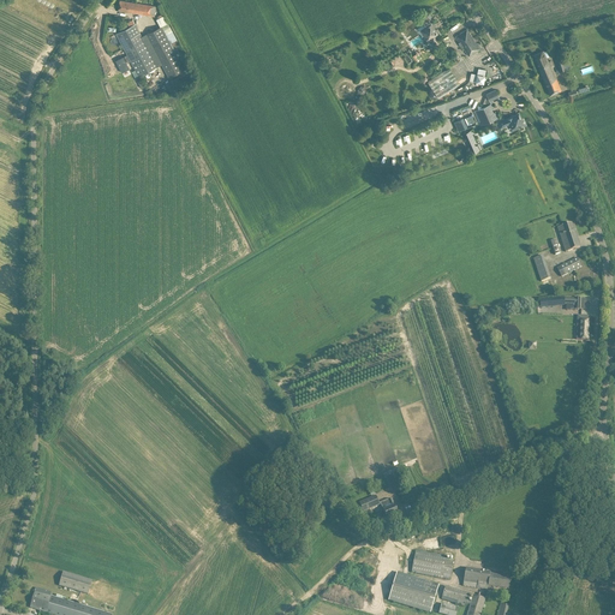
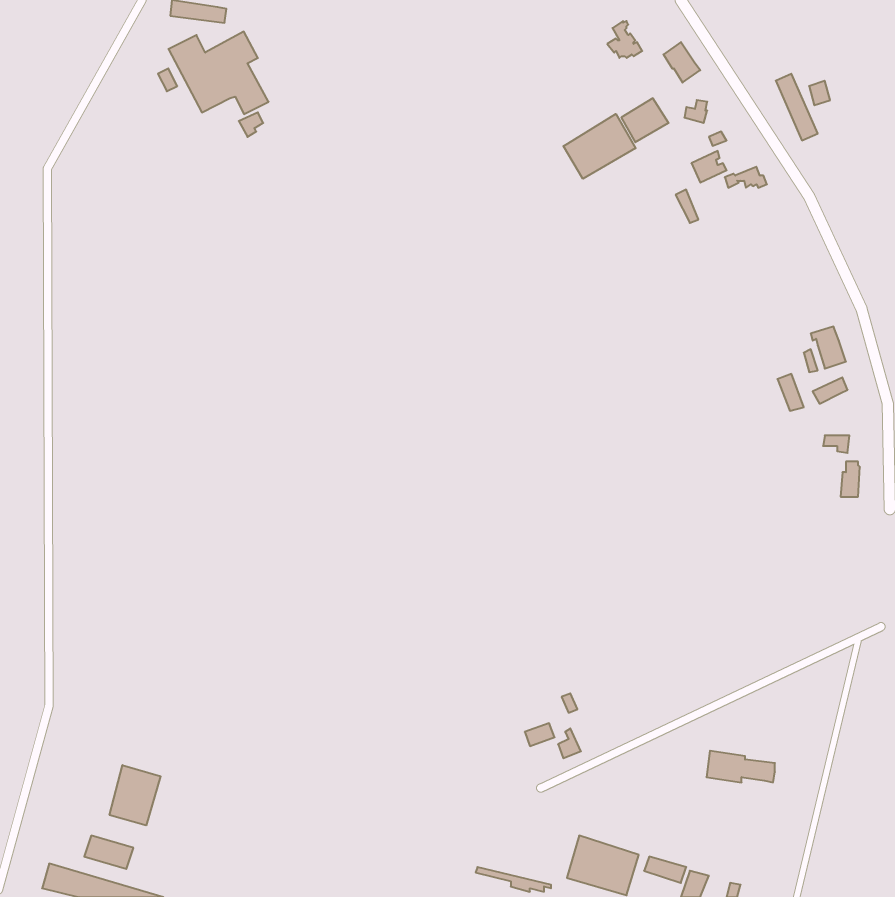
building: none -> [563,114,636,179]
building: none -> [110,765,161,825]
building: [411,551,453,579] -> none
building: [462,568,509,590] -> [706,751,775,782]

